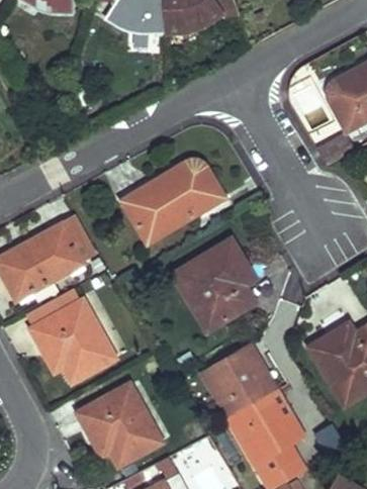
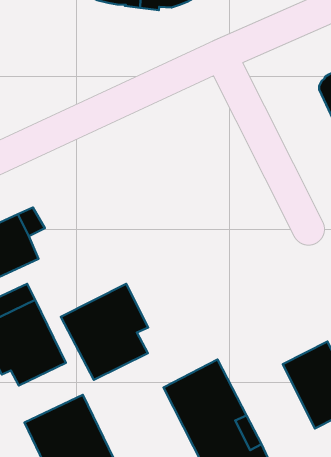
building: [123,161,222,242] -> none
building: [173,240,254,329] -> [61,284,148,380]

